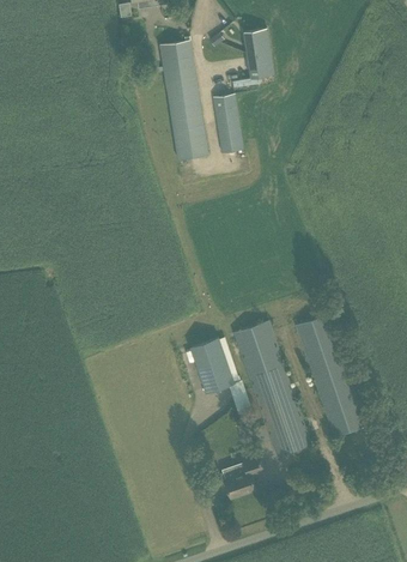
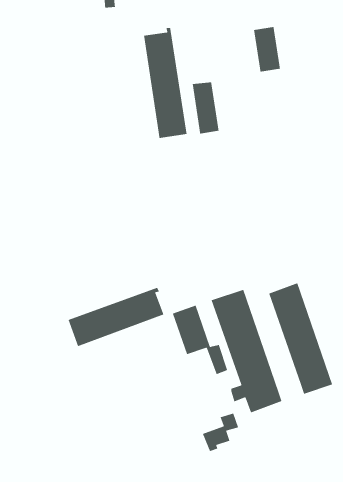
building: [243,29,273,79] -> [253,26,281,72]
building: none -> [68,287,165,347]

